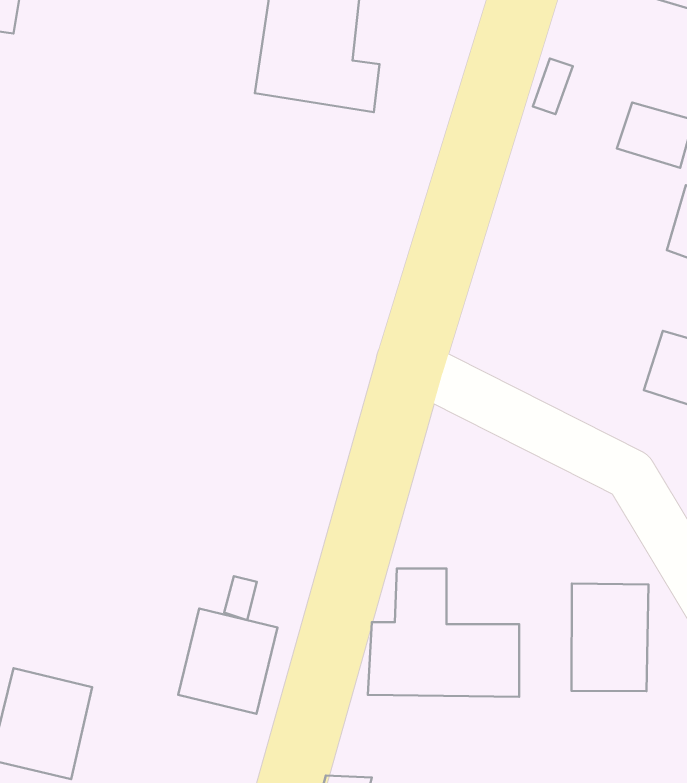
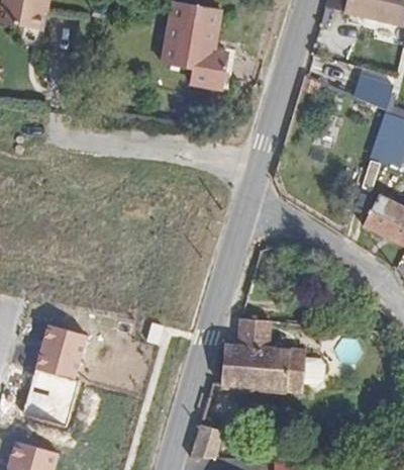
building: [571,583,648,691] -> none
building: [178,608,278,714] -> [35,325,88,381]

